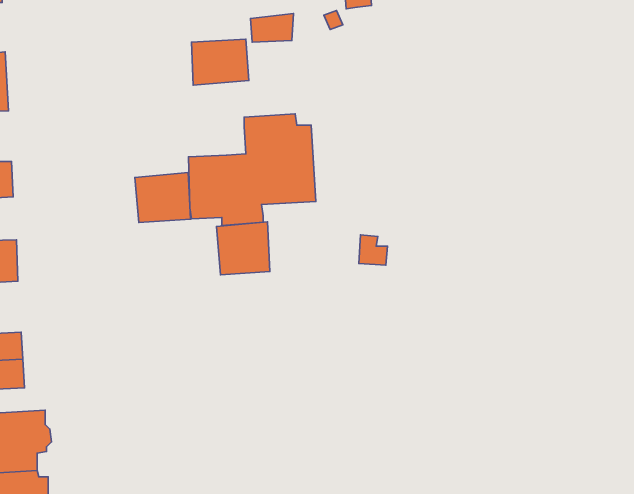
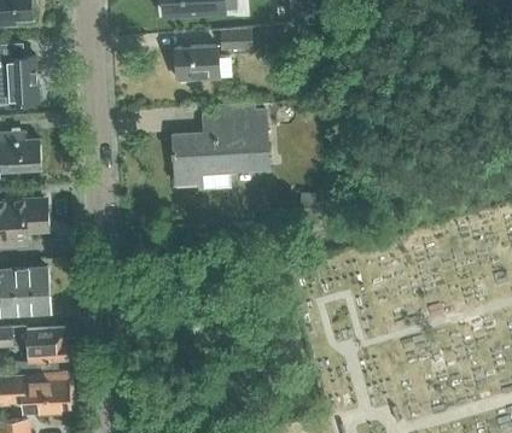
building: [135,173,191,222] -> none
building: [216,222,270,275] -> none

